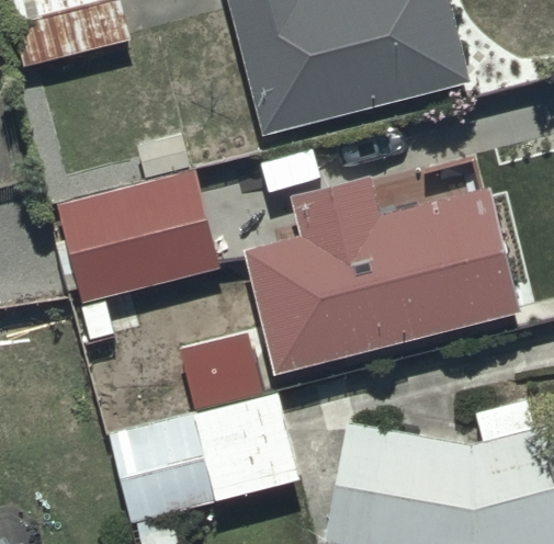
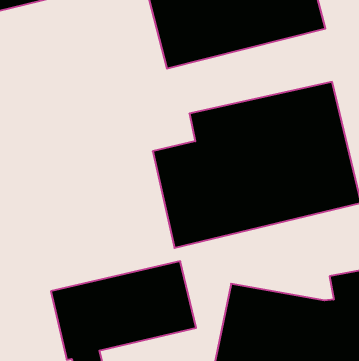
building: [57,133,222,341] -> none

